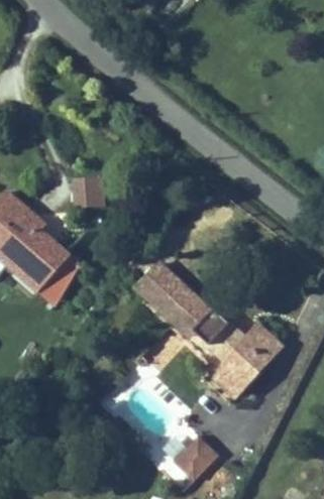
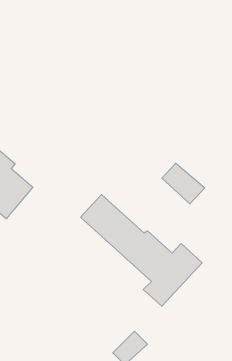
building: [75,177,103,207] -> none
building: none -> [162,163,205,204]

